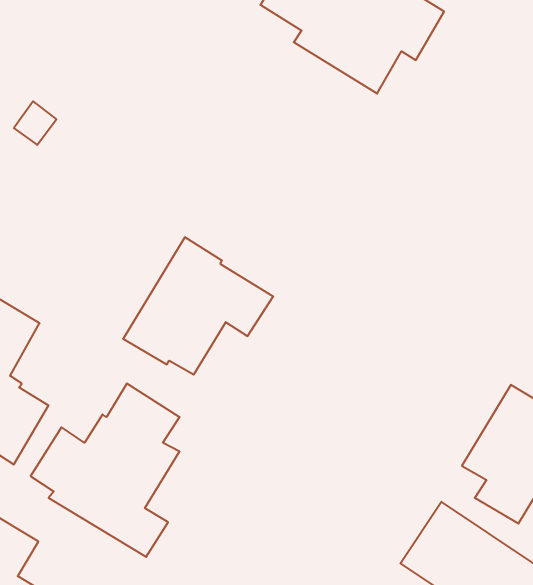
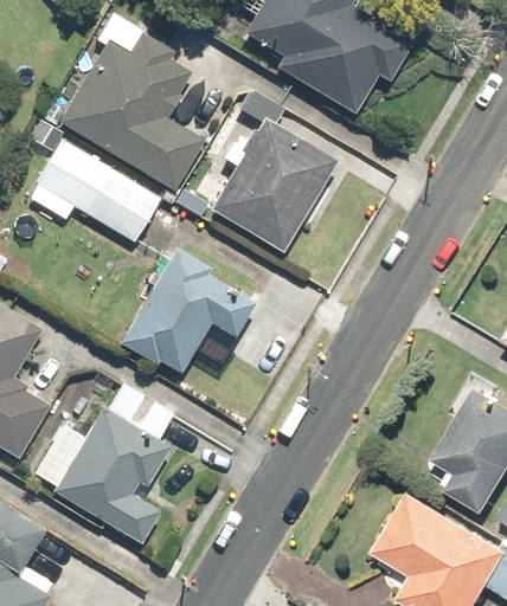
building: none -> [60,43,206,192]
building: none -> [204,91,338,251]
building: none -> [34,140,160,244]

